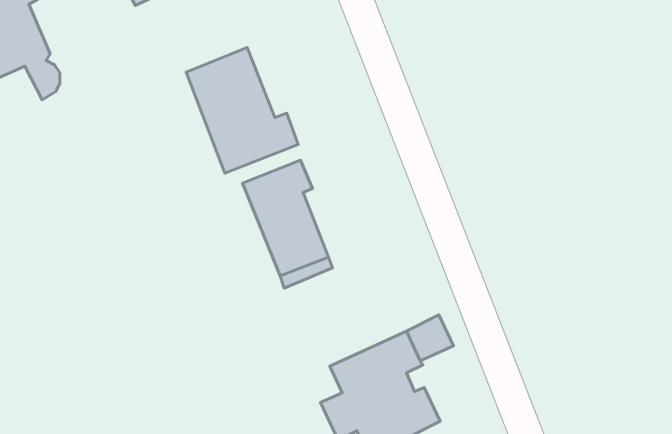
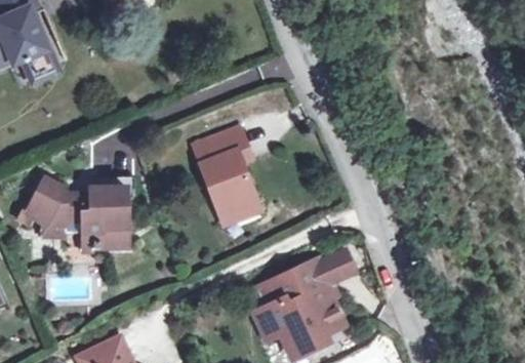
building: [186,48,298,173] -> none
building: none -> [27,178,127,248]

